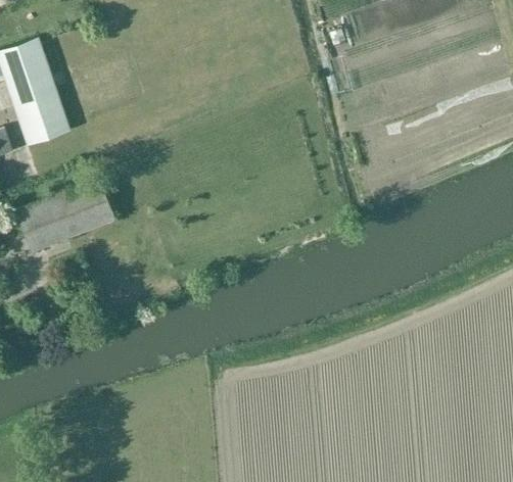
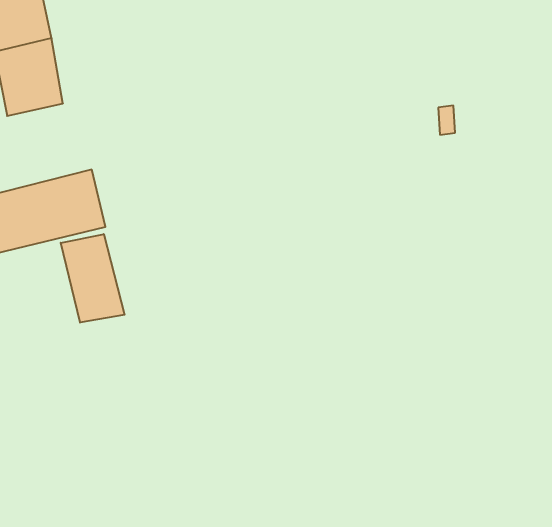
building: none -> [61,234,125,323]

